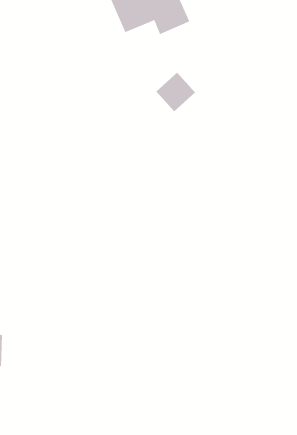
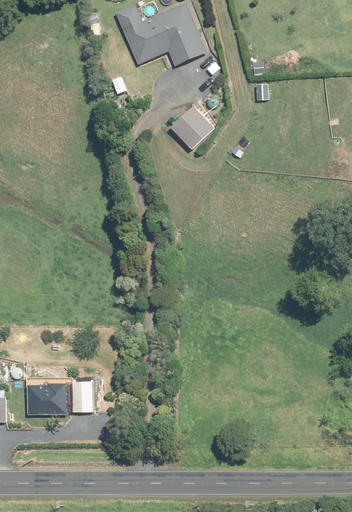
building: none -> [72,381,92,412]
building: none -> [28,385,67,413]

